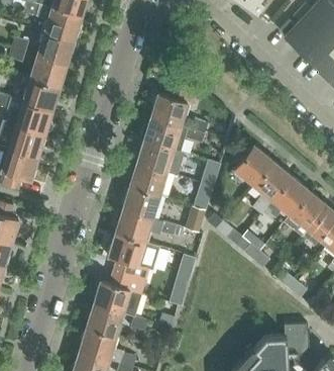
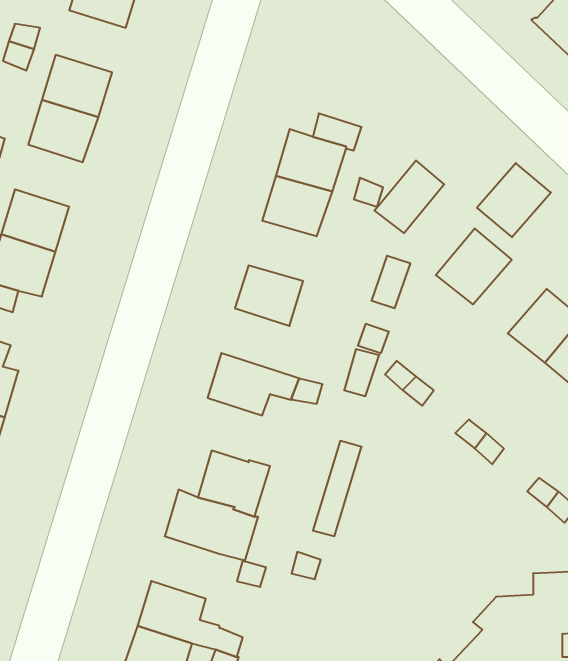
building: [36,32,73,65] -> none
building: [15,102,52,134] -> none
building: none -> [374,160,444,233]
building: [136,142,172,173] -> none
building: [252,162,291,200] -> [477,163,551,237]
building: [122,187,157,219] -> none
building: [107,234,143,267] -> none
building: [86,305,121,338] -> none

